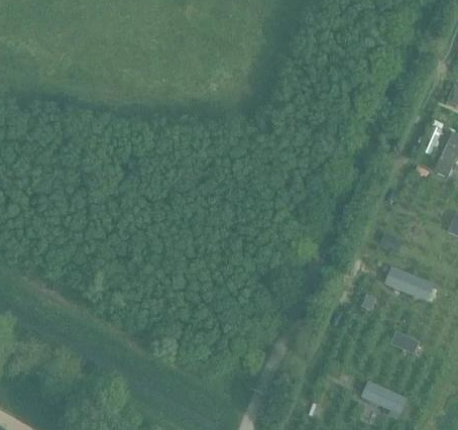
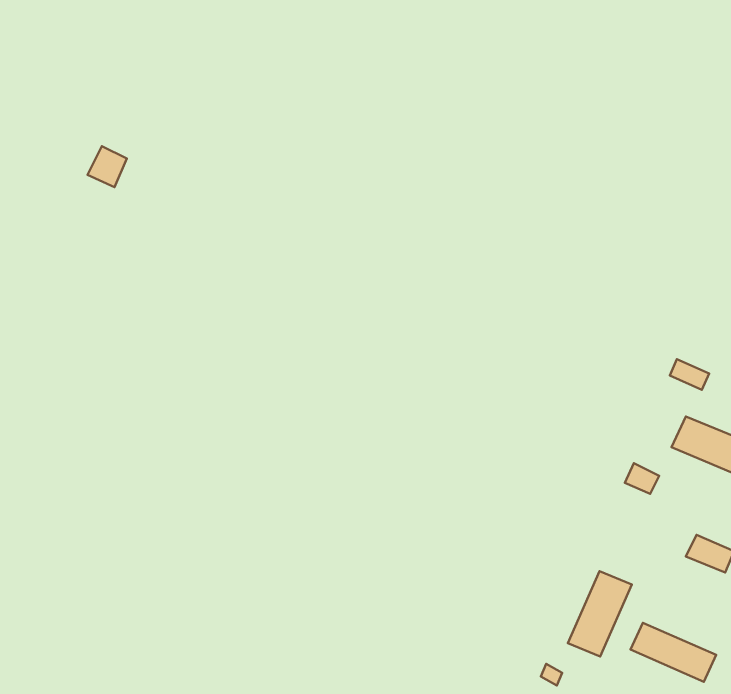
building: none -> [568,571,632,657]

